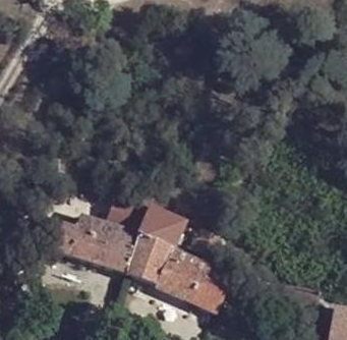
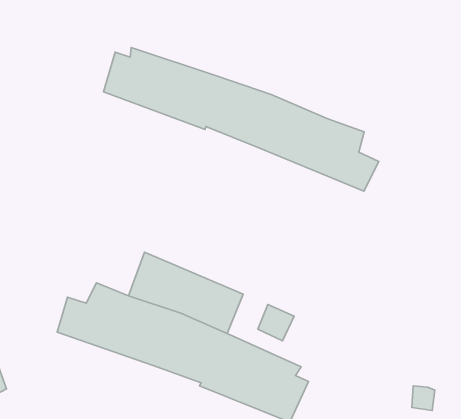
building: none -> [103,47,379,191]

